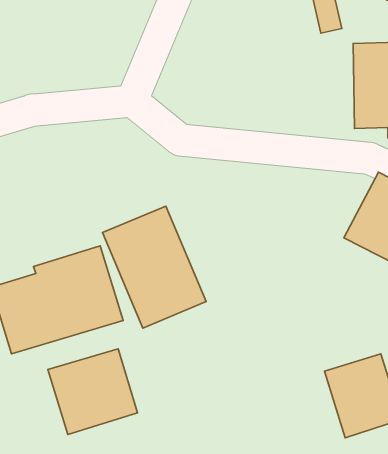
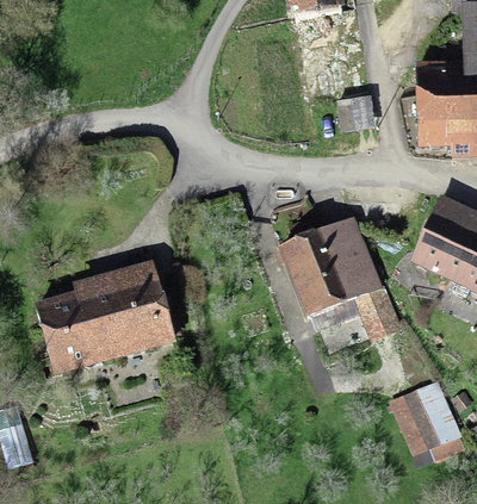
building: none -> [335,91,376,127]
building: [103,206,206,328] -> [285,225,392,351]
building: [48,349,138,434] -> none

